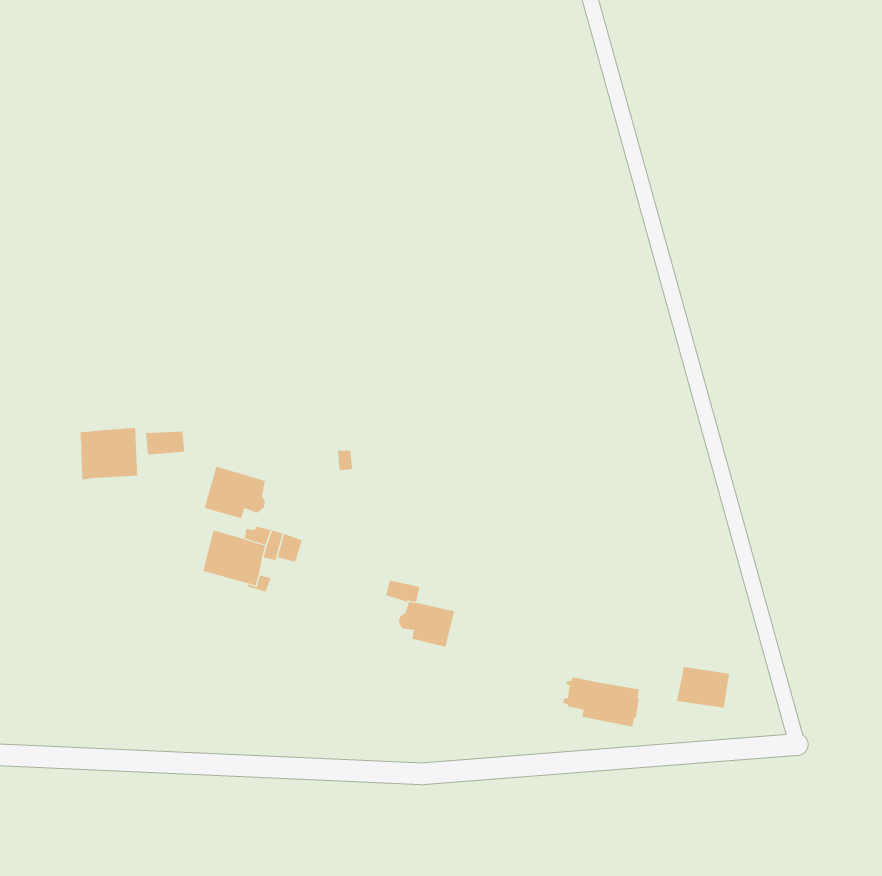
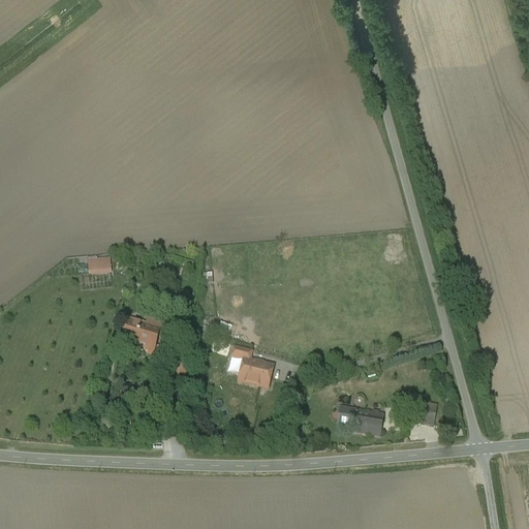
building: [80,427,138,481] -> none
building: [204,466,266,519] -> none

